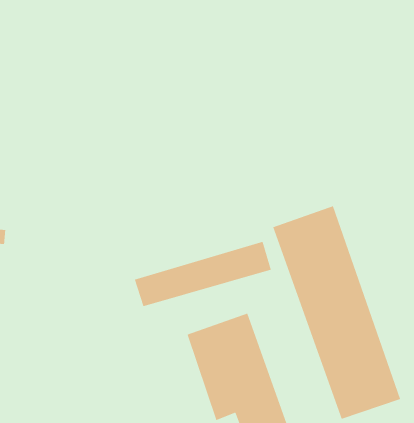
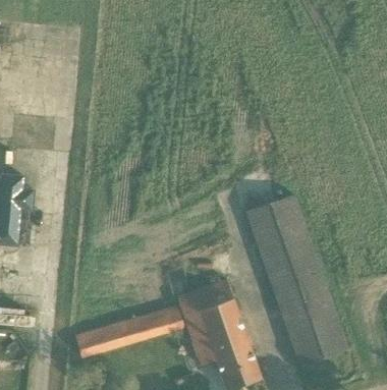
building: [134,241,272,307] -> [74,304,184,357]

